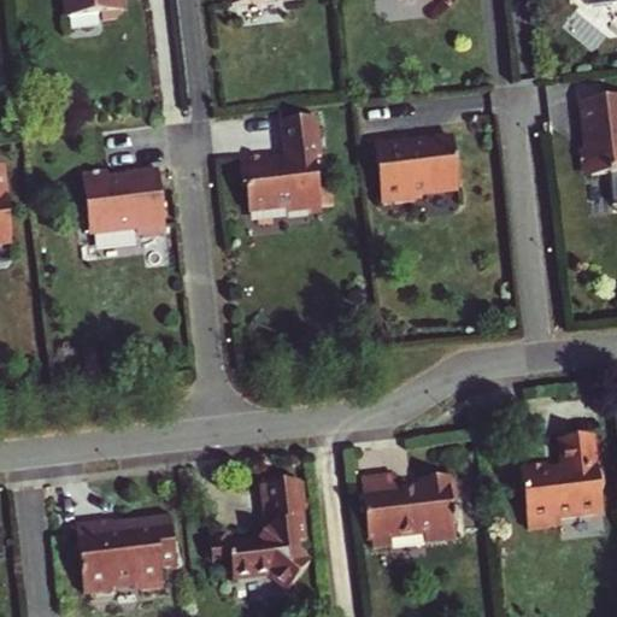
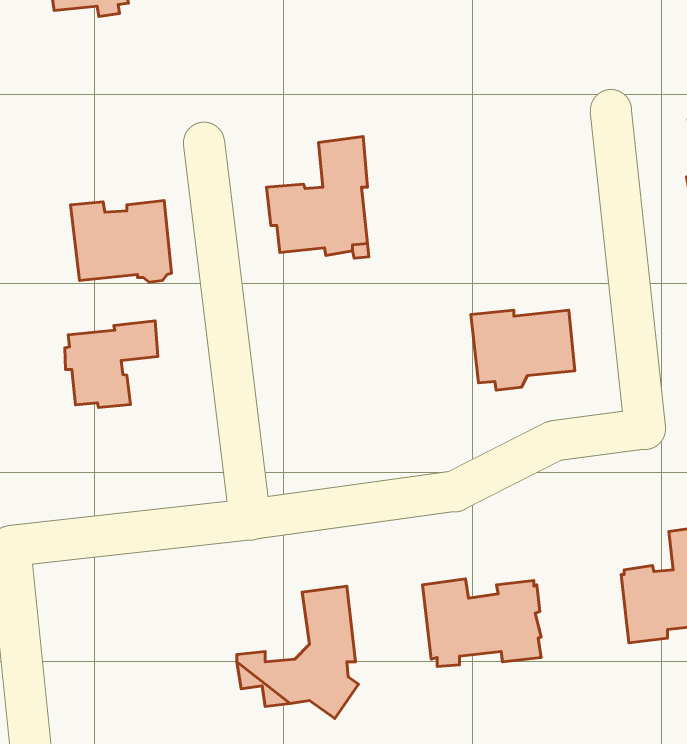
building: [370,134,454,199] -> [471,310,575,390]
building: none -> [65,321,158,408]
building: [78,515,181,590] -> none

